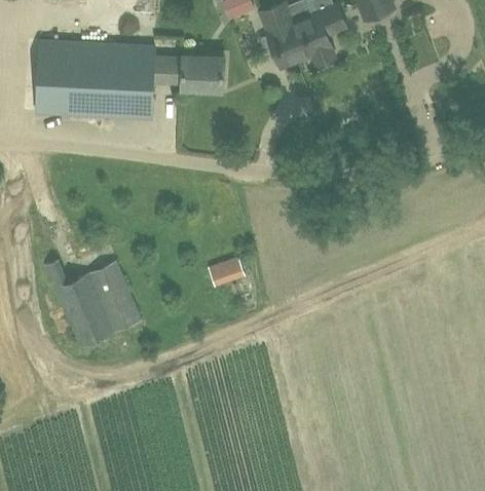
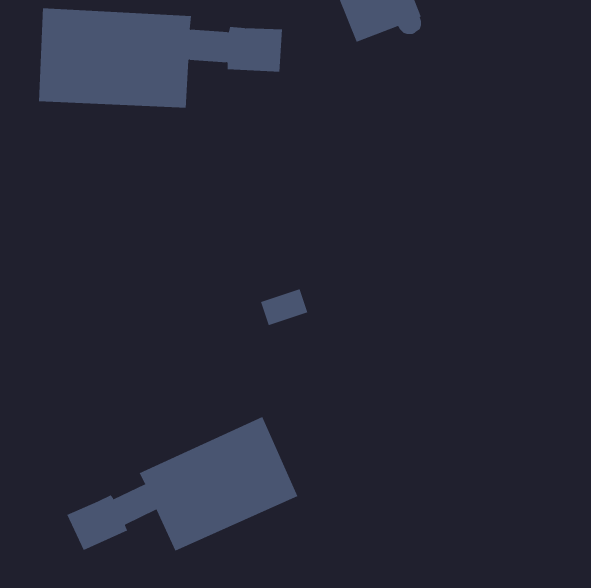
building: [43,258,141,348] -> none
building: none -> [67,416,298,551]

